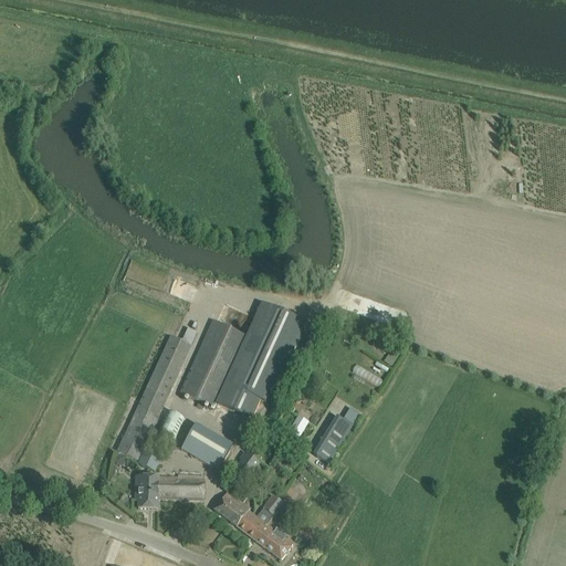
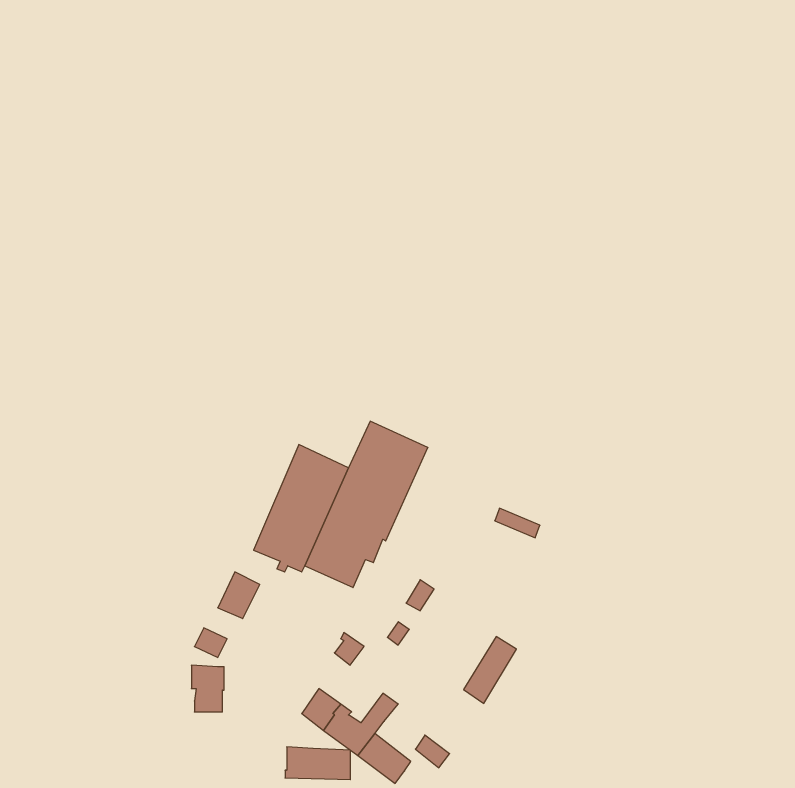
building: [117,333,191,458] -> none
building: [314,413,352,461] -> [464,637,516,703]
building: [181,421,232,468] -> none
building: [158,474,205,497] -> [285,747,350,780]

